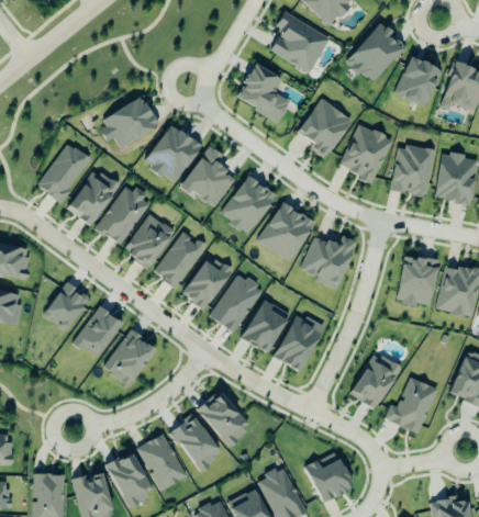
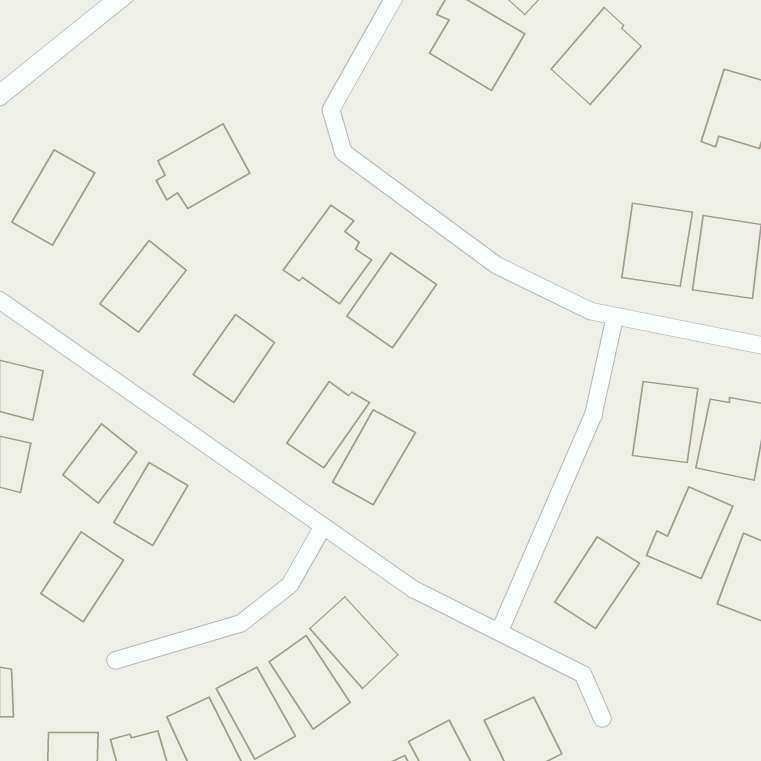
building: [396,49,445,106] -> none
building: [236,64,291,122] -> none
building: [298,99,353,159] -> none
building: [145,124,201,183] -> none
building: [339,124,393,182] -> none
building: [38,143,90,202] -> [12,150,95,245]
building: [96,184,153,246] -> none
building: [258,202,313,261] -> none
building: [155,232,205,288] -> none
building: [301,236,357,290] -> none
building: [242,300,287,353] -> none
building: [272,313,324,371] -> none
building: [103,330,155,386] -> [41,532,124,622]
building: [385,376,438,434] -> [646,487,733,578]

